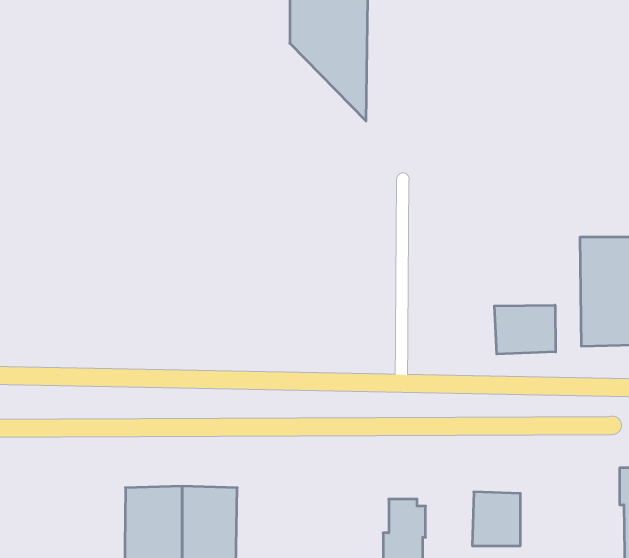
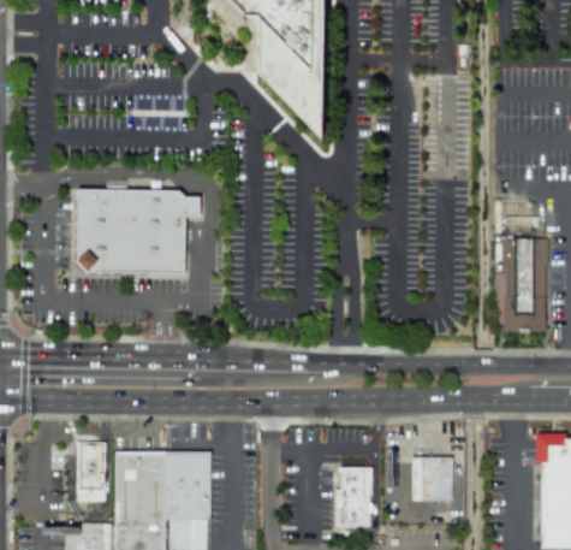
building: none -> [78,190,201,272]
building: [494,305,556,354] -> none
building: none -> [78,440,106,501]

